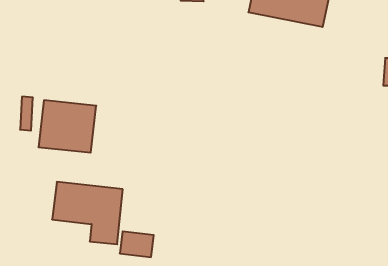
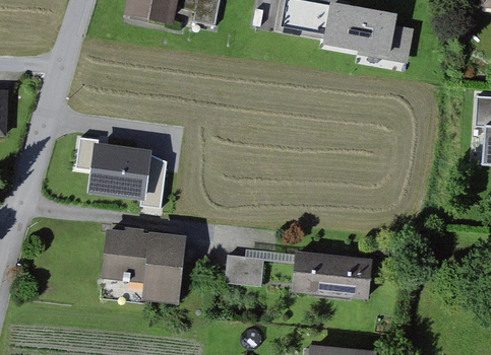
building: none -> [296,253,371,298]
building: [120,231,154,257] -> [225,255,262,283]

